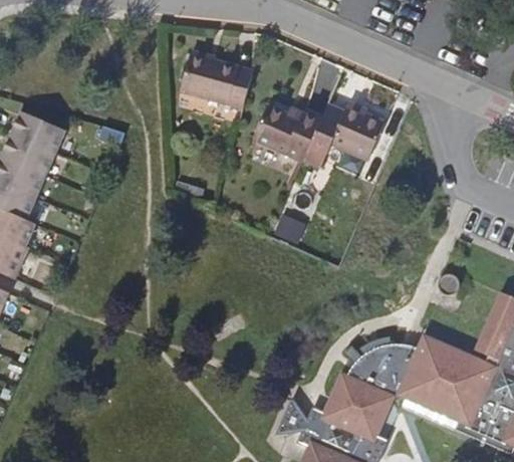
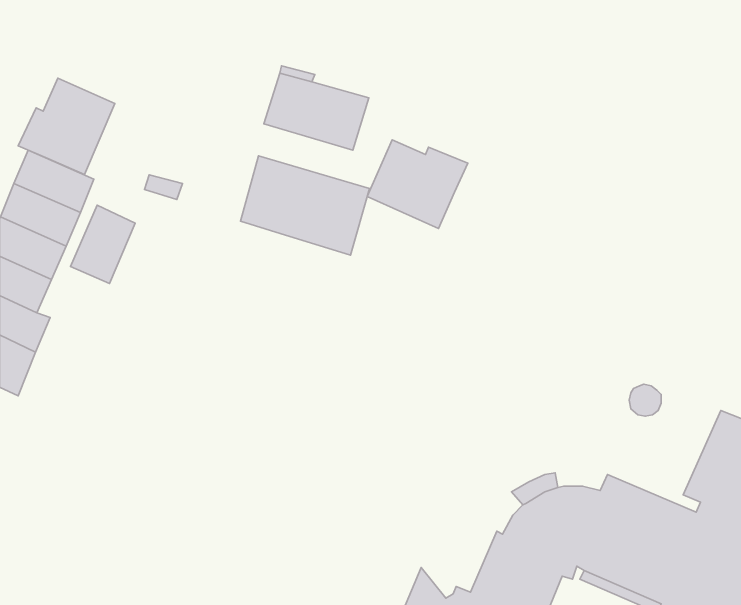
building: none -> [18,78,115,175]
building: [314,100,384,161] -> none
building: none -> [241,156,370,255]
building: none -> [70,205,135,284]

